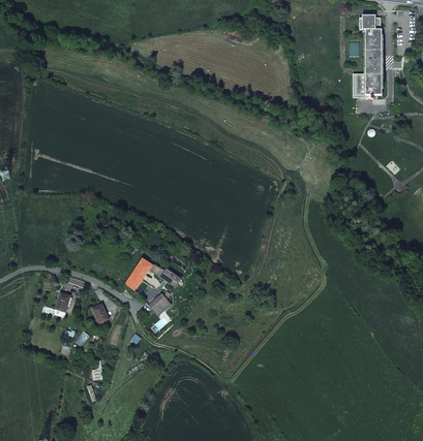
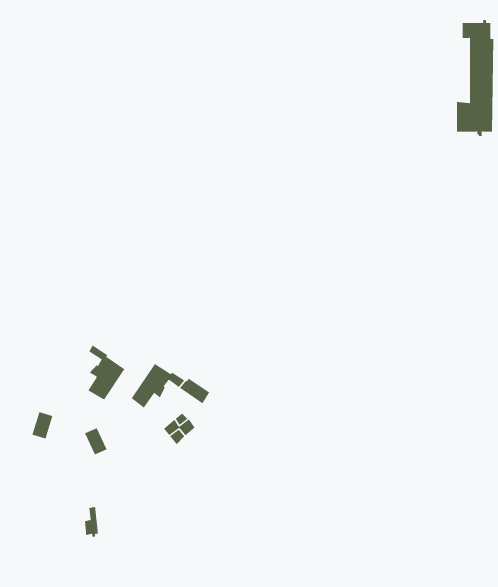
building: none -> [87,344,125,401]

